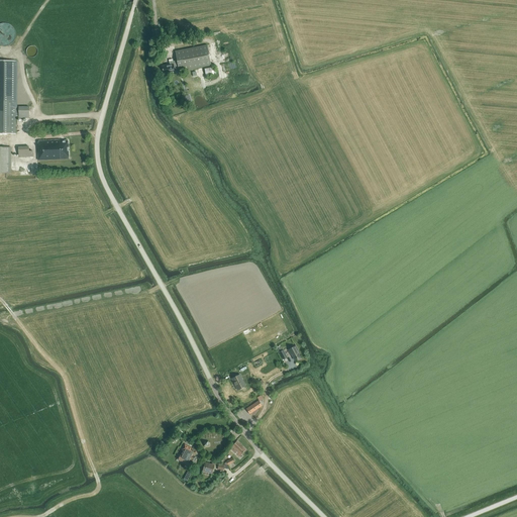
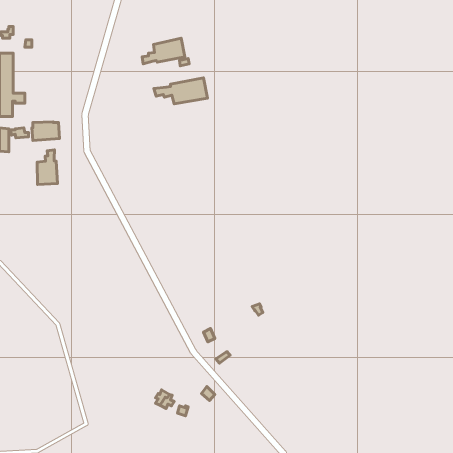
building: none -> [154,78,208,104]
building: none -> [37,150,57,185]

